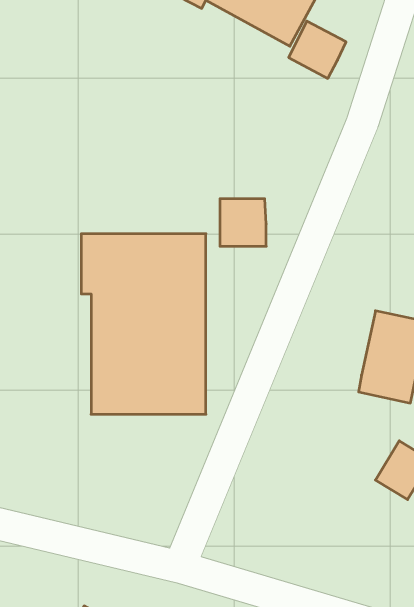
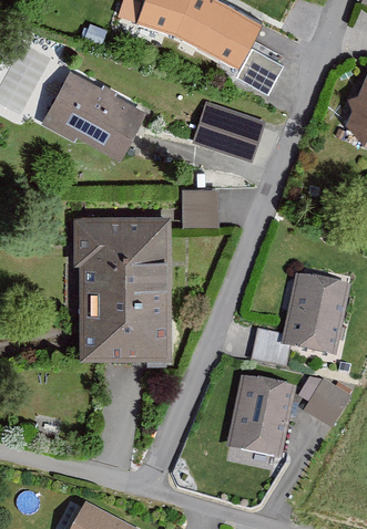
building: none -> [40,71,146,160]
building: none -> [192,102,265,162]
building: none -> [255,322,294,361]
building: none -> [227,378,295,460]

